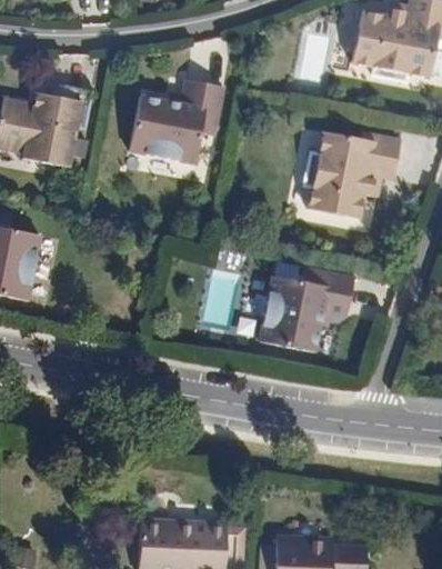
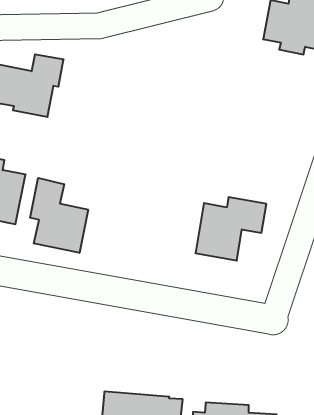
building: [129,73,224,158] -> none
building: [305,131,400,218] -> none
building: none -> [30,178,88,253]

